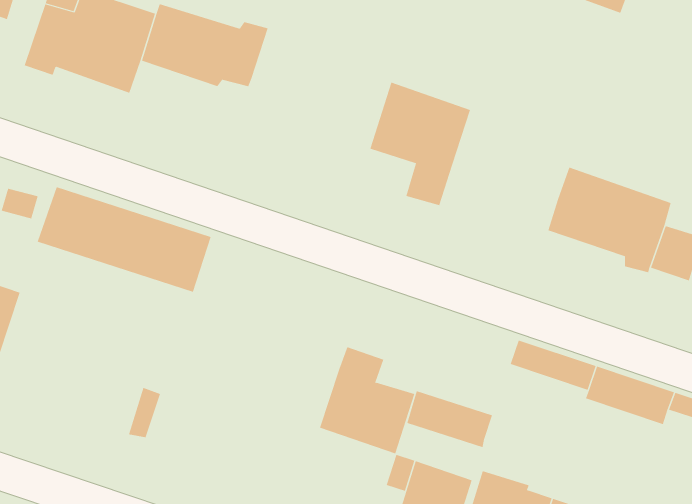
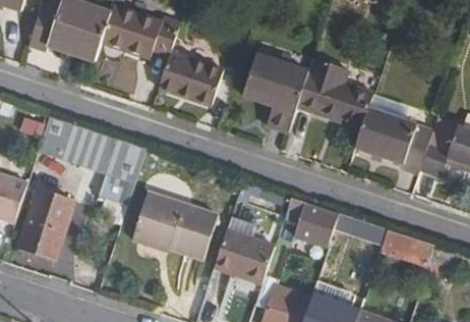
building: none -> [160,50,226,104]
building: none -> [297,55,374,125]
building: none -> [20,191,73,260]
building: none -> [131,192,218,258]
building: [406,391,493,448] -> [284,198,338,233]

